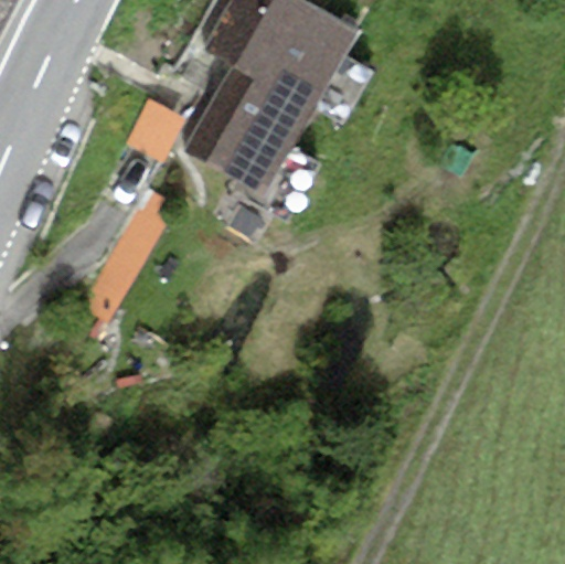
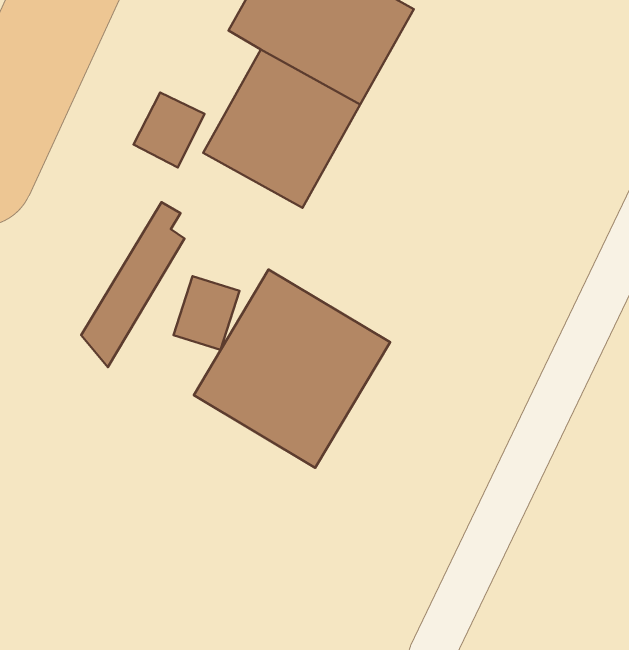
building: none -> [194,269,390,468]

